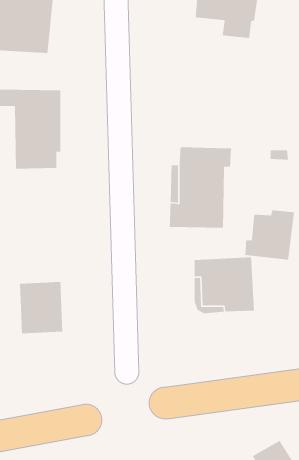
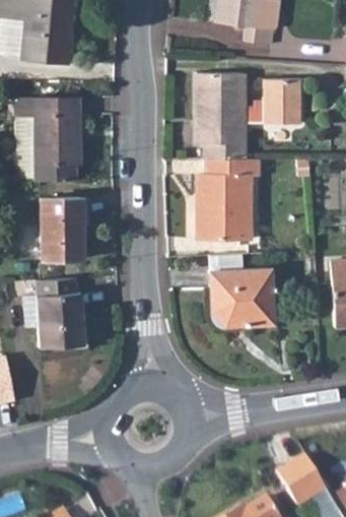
building: none -> [193,73,297,157]
building: none -> [43,195,86,259]
building: [245,210,295,261] -> none

